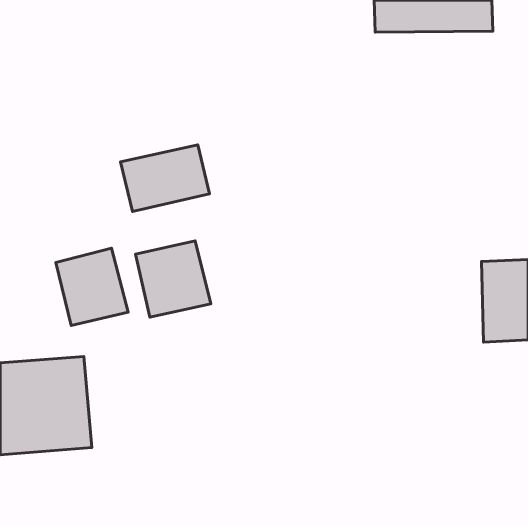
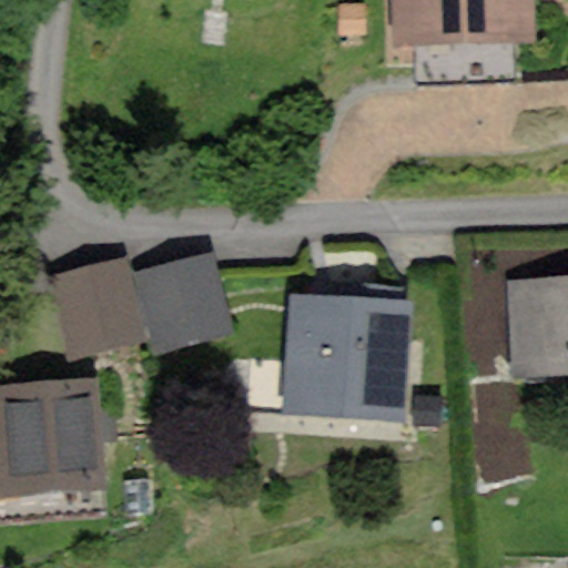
building: [120,145,209,211] -> none
building: none -> [292,300,404,412]

